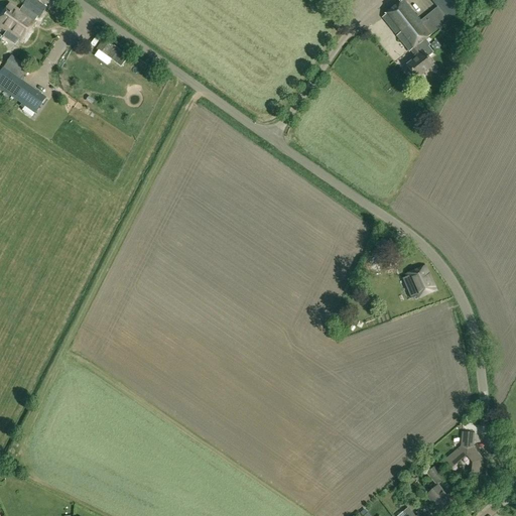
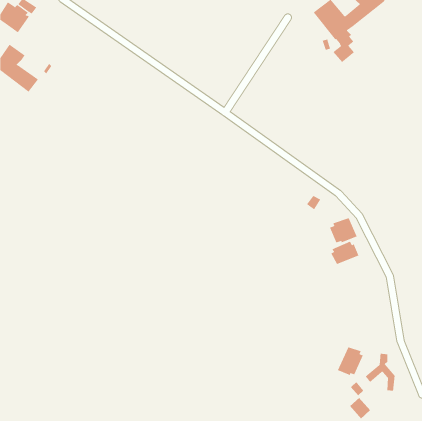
building: none -> [330,241,359,265]
building: none -> [337,346,364,376]

